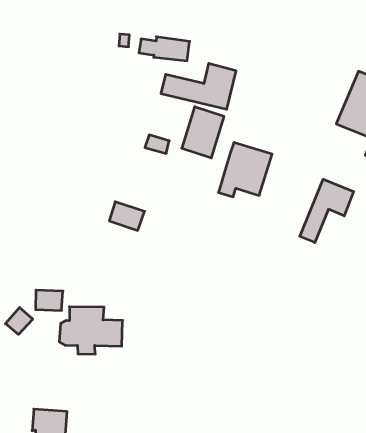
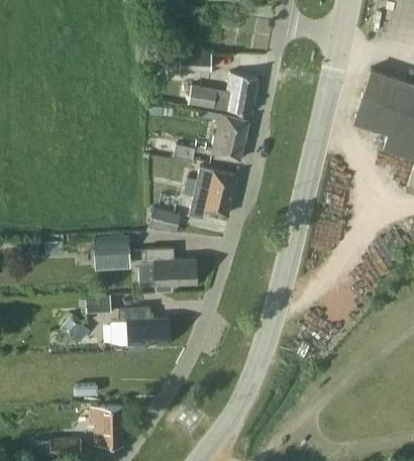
building: [218,143,272,197] -> [189,168,236,219]
building: [300,179,354,243] -> none
building: none -> [93,236,129,258]
building: none -> [138,249,196,293]

